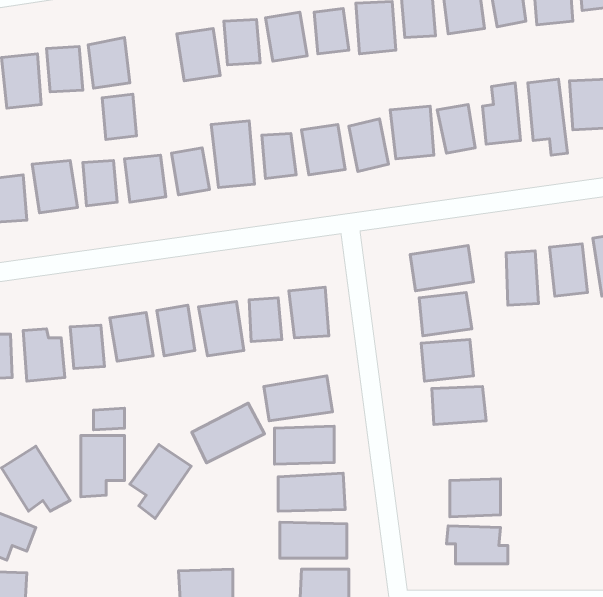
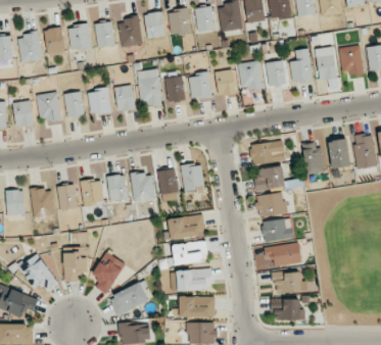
building: [102,94,136,139] -> [95,21,114,47]
building: [192,403,264,463] -> [108,283,149,316]
building: none -> [264,243,300,265]

